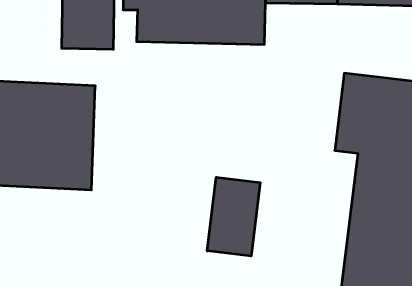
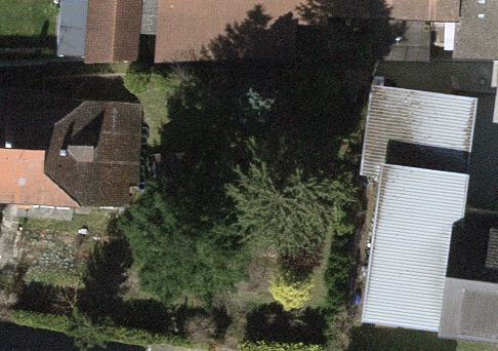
building: [207,177,260,256] -> none

